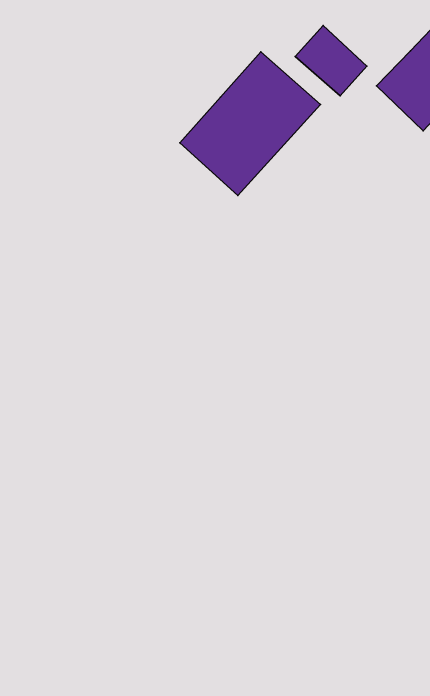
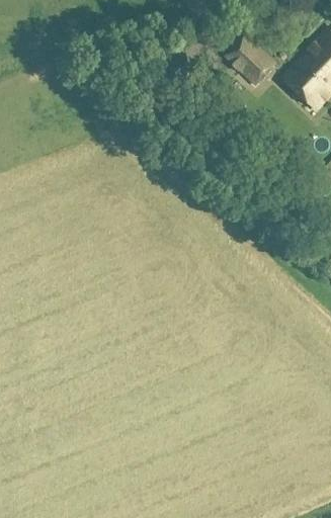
building: [180,52,321,196] -> none

